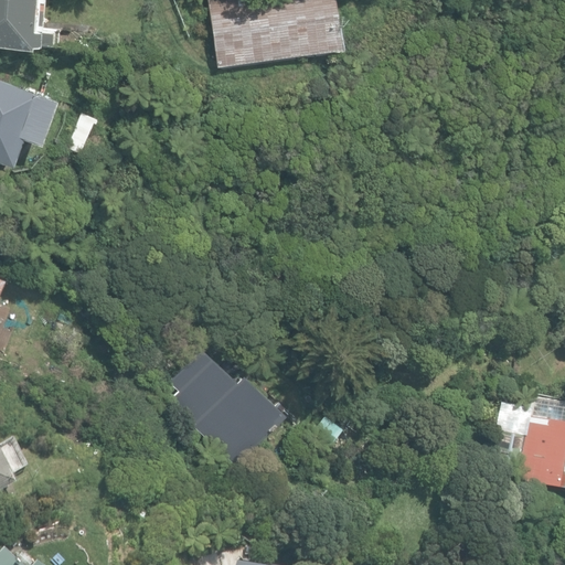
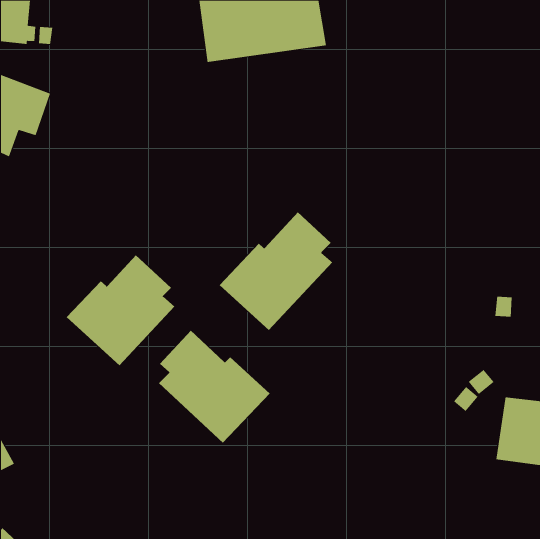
building: none -> [219,212,333,331]
building: none -> [66,254,175,366]

